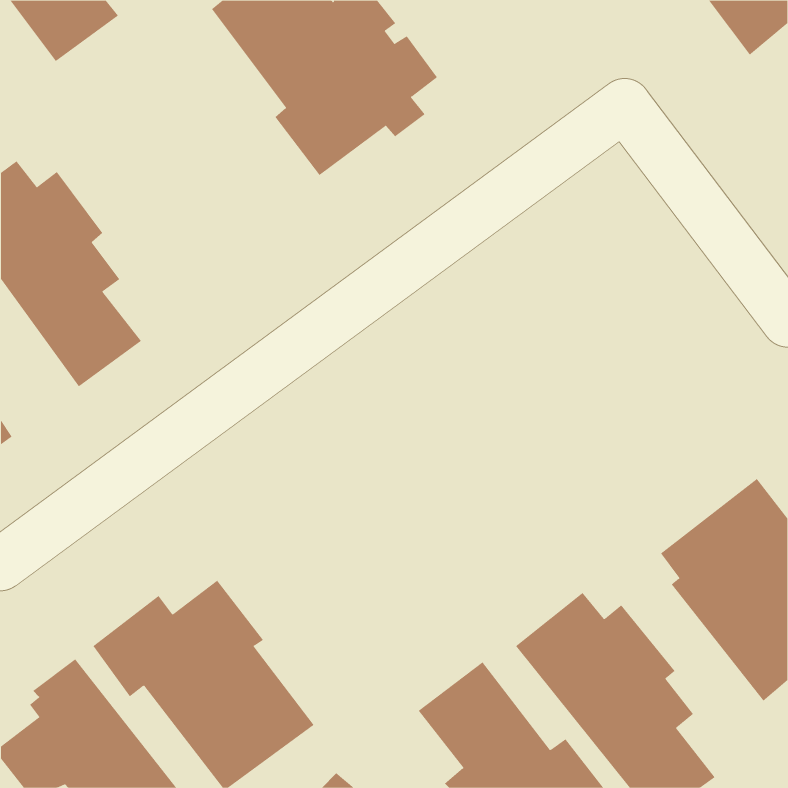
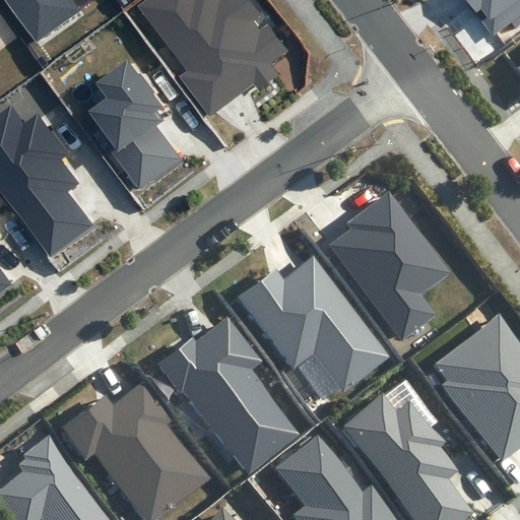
building: none -> [87,56,179,189]
building: none -> [330,191,451,340]
building: none -> [239,257,391,393]
building: none -> [158,316,300,473]

